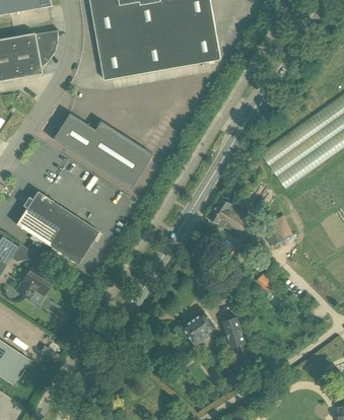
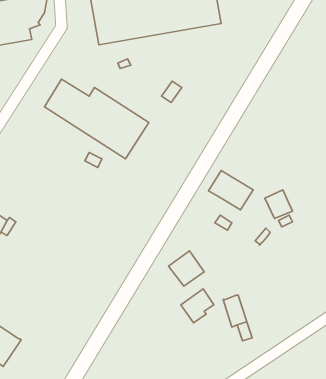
building: [16,191,99,264] -> none
building: [15,268,51,301] -> none
building: none -> [168,251,204,286]

